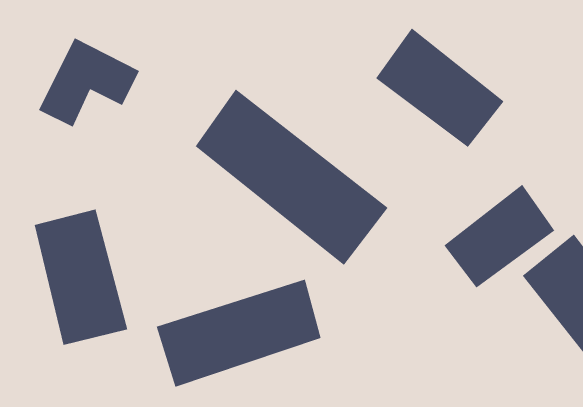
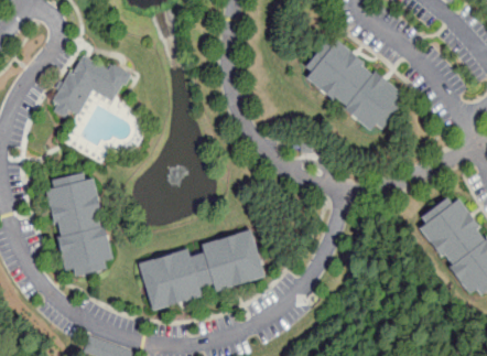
building: [195,88,388,266] -> none
building: [444,184,555,288] -> none

